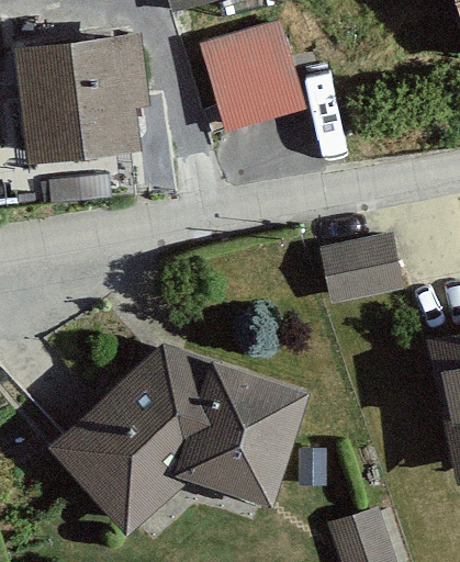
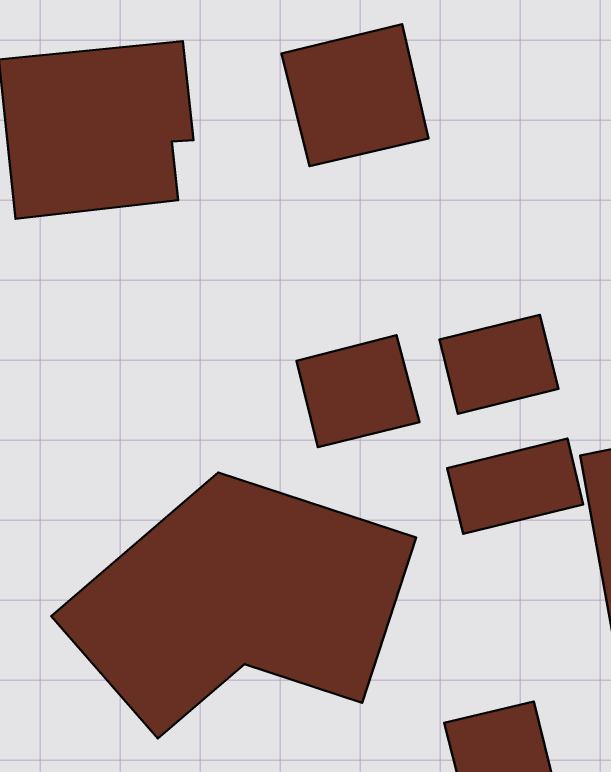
building: none -> [297,335,419,447]
building: none -> [447,439,583,534]

